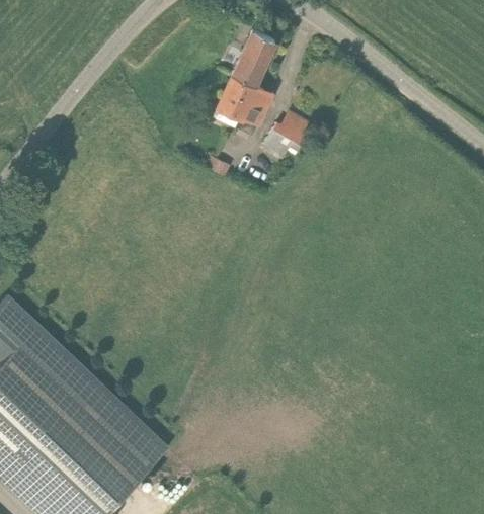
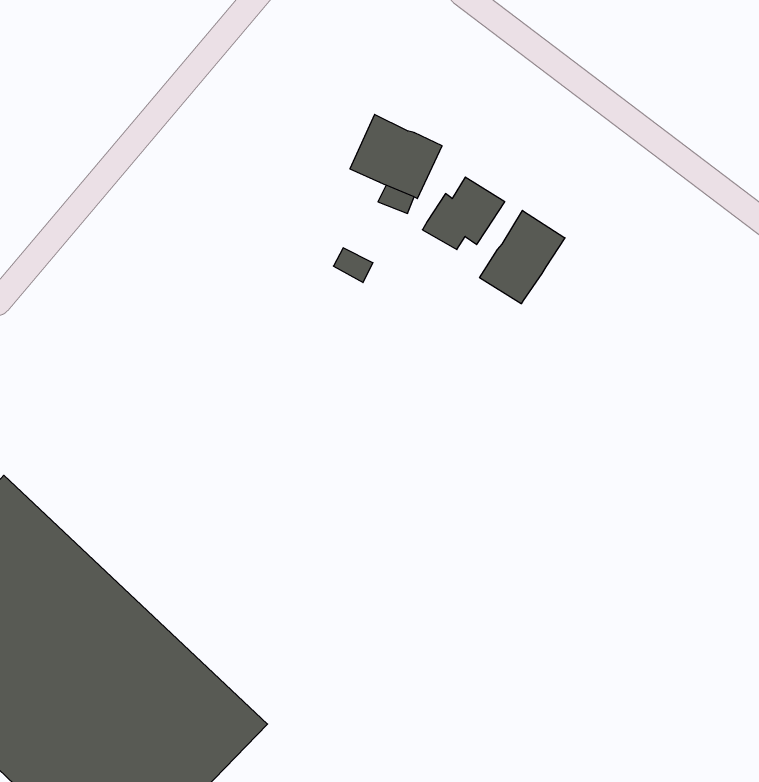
building: [232,28,273,84] -> none
building: none -> [480,210,565,304]

